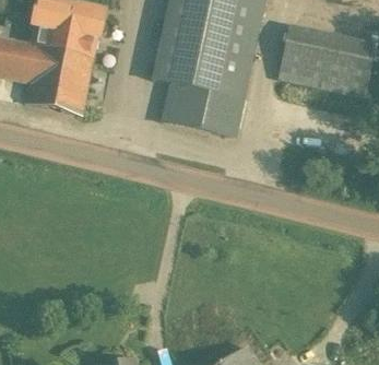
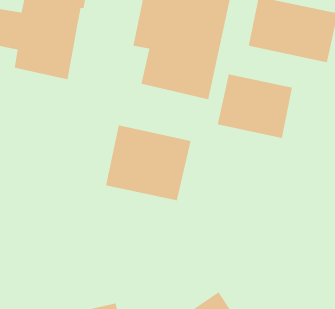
building: none -> [217,74,293,139]
building: none -> [105,125,191,201]

